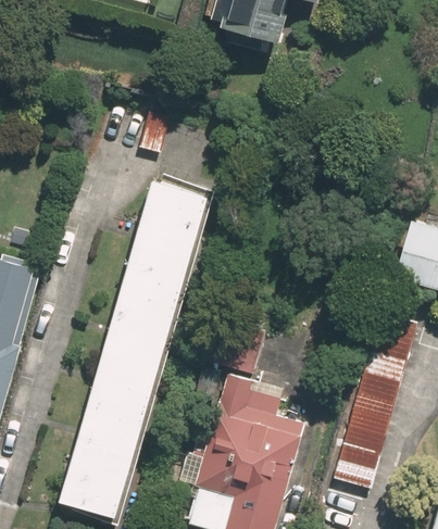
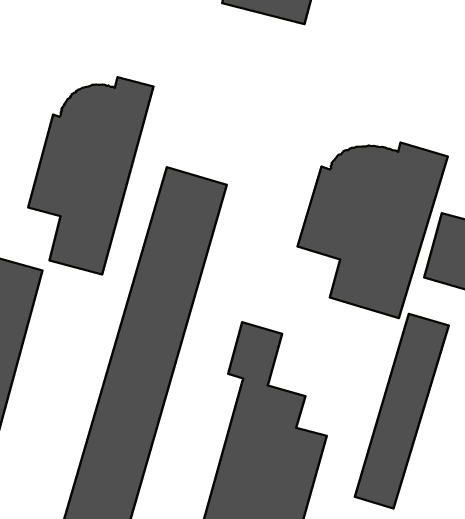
building: none -> [28,77,153,274]
building: none -> [298,142,448,318]

